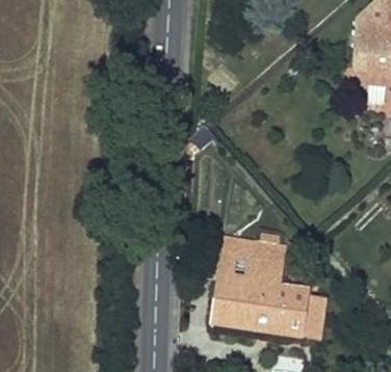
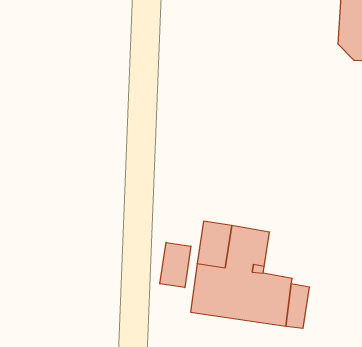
building: none -> [160,242,191,288]

